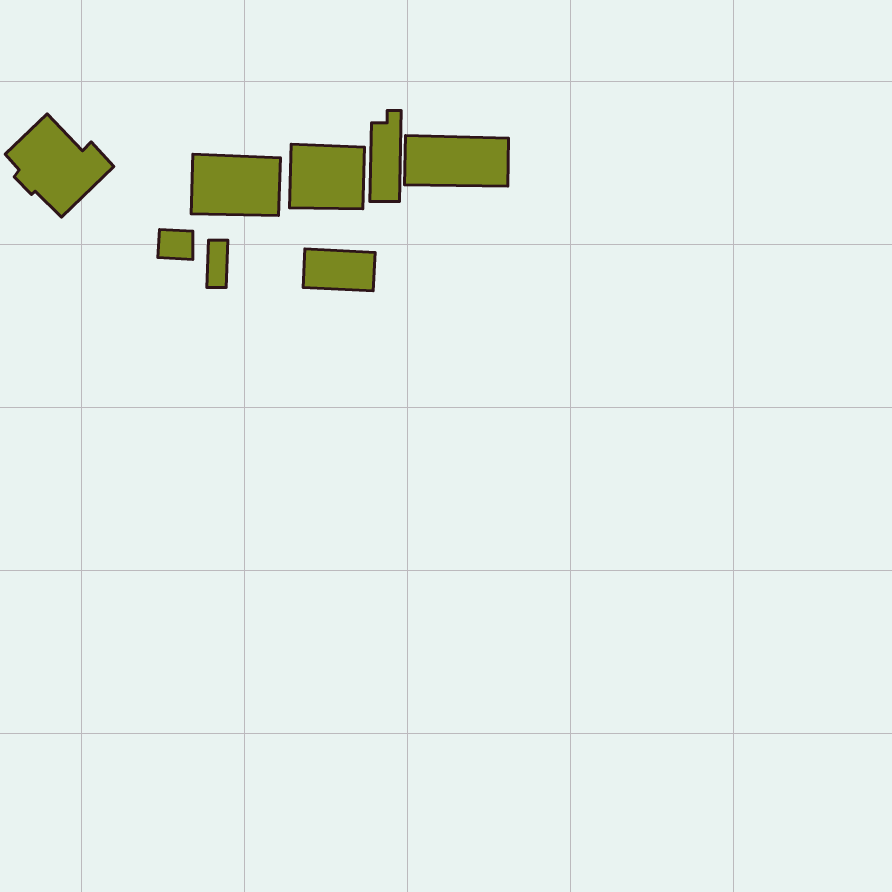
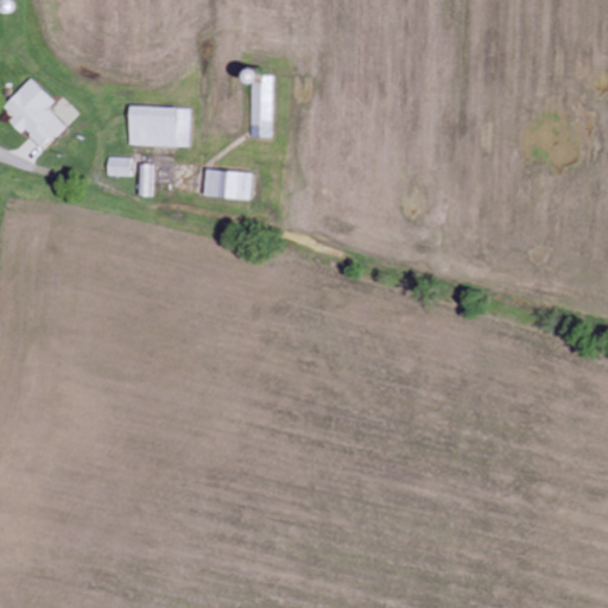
building: [405,136,509,186] -> none
building: [289,144,365,209] -> none

